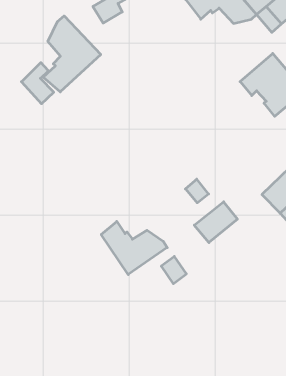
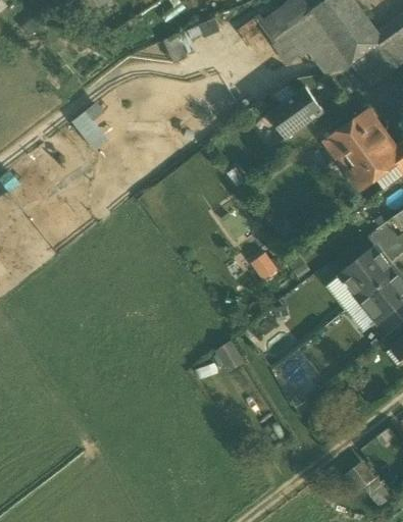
building: [43,16,101,92] -> none
building: none -> [267,87,325,139]
building: [194,202,237,243] -> none
building: [101,221,167,275] -> none

